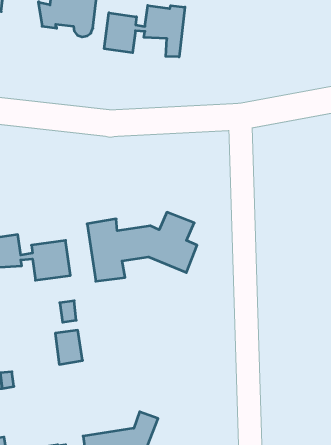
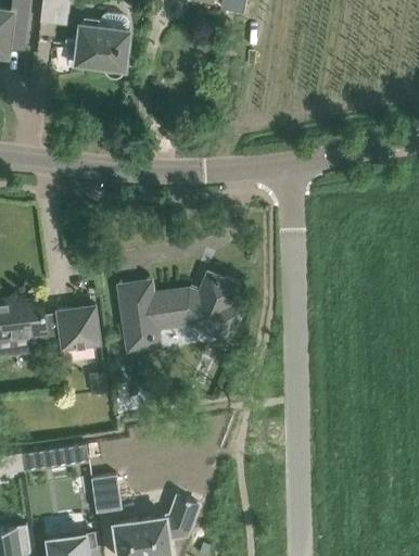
building: [104,5,185,57] -> none
building: [55,330,83,364] -> [91,475,122,513]

